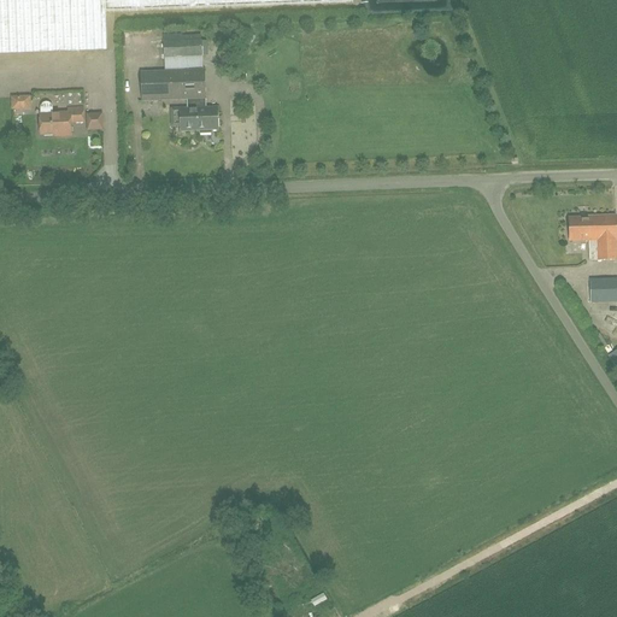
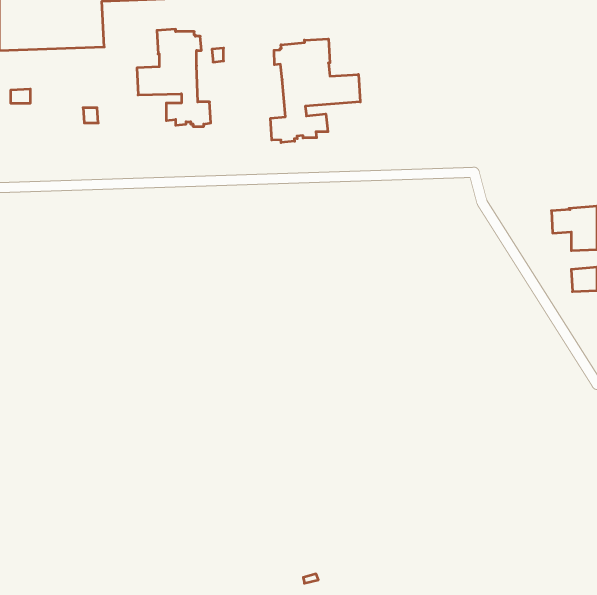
building: none -> [271,39,360,143]
building: [39,99,83,133] -> none

